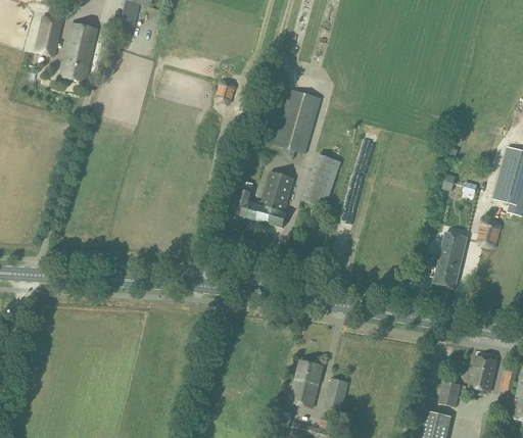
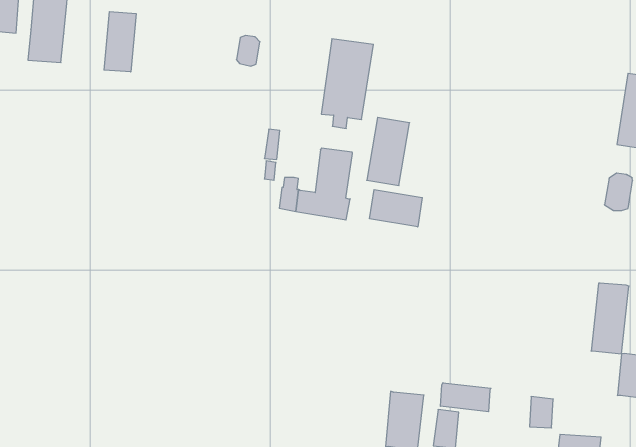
building: none -> [104,12,136,72]
building: none -> [370,190,422,227]
building: [433,231,468,286] -> [591,283,629,354]
building: none -> [440,383,491,412]
building: [440,380,461,405] -> [530,397,553,428]

